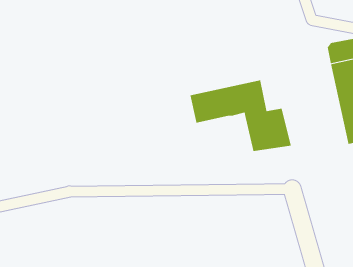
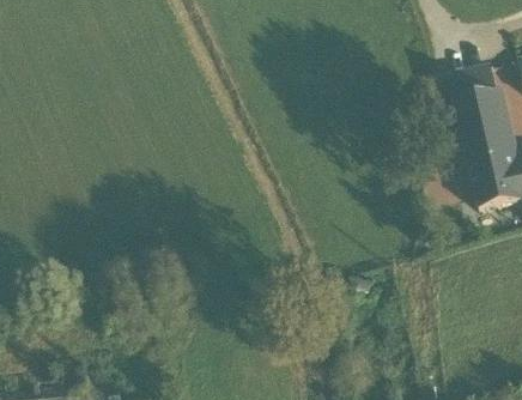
building: [190,80,292,152] -> none

